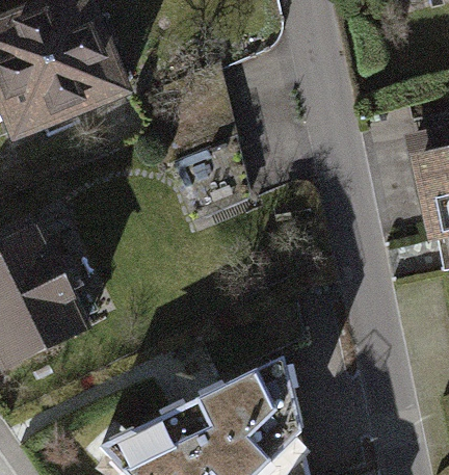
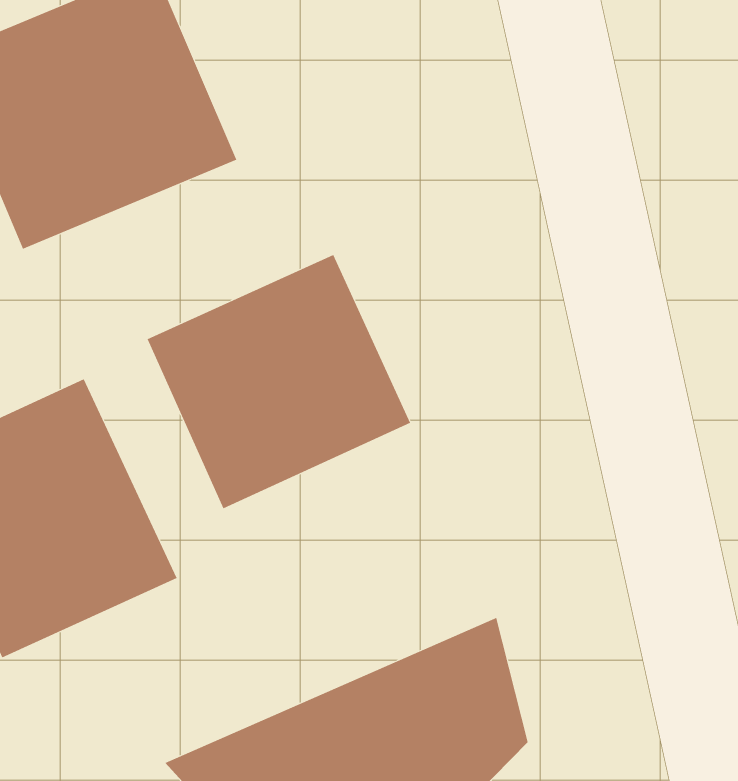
building: none -> [147,254,411,509]

